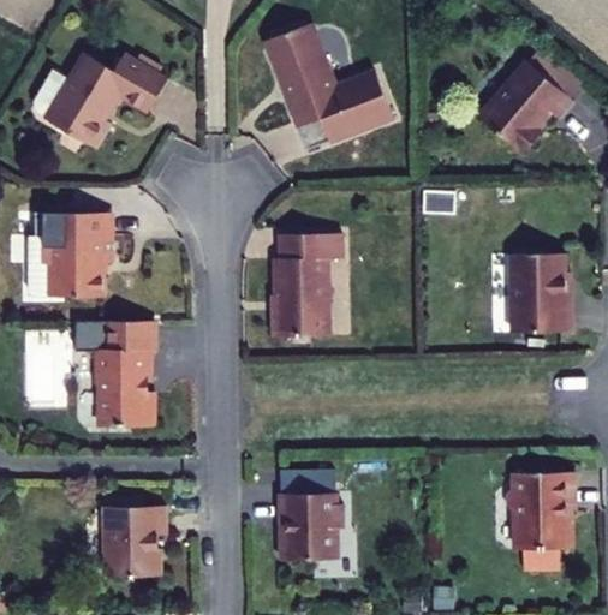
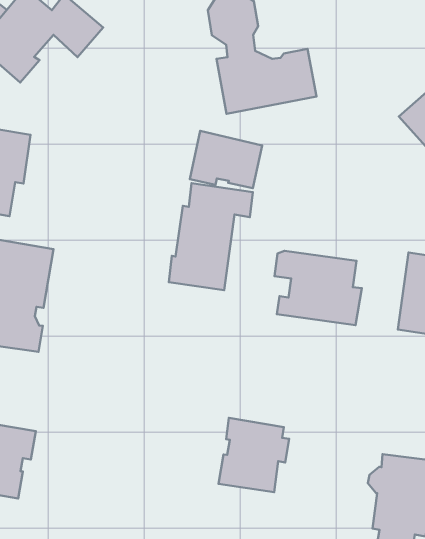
building: none -> [190,131,262,188]
building: none -> [274,251,362,325]
building: [282,488,346,555] -> [219,418,289,492]

